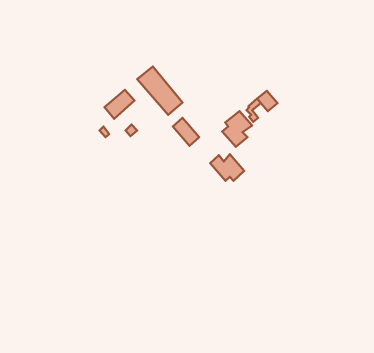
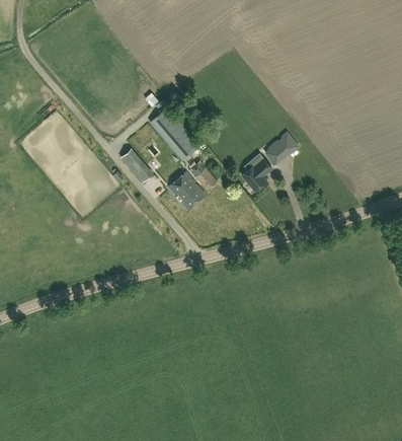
building: none -> [169,174,205,211]
building: [210,154,244,181] -> none

